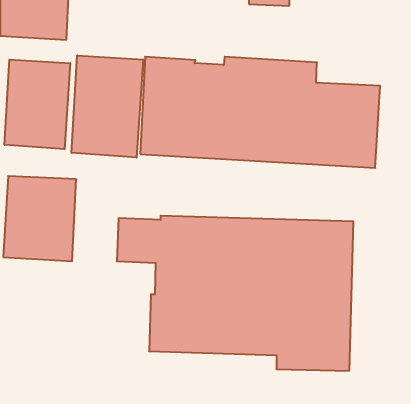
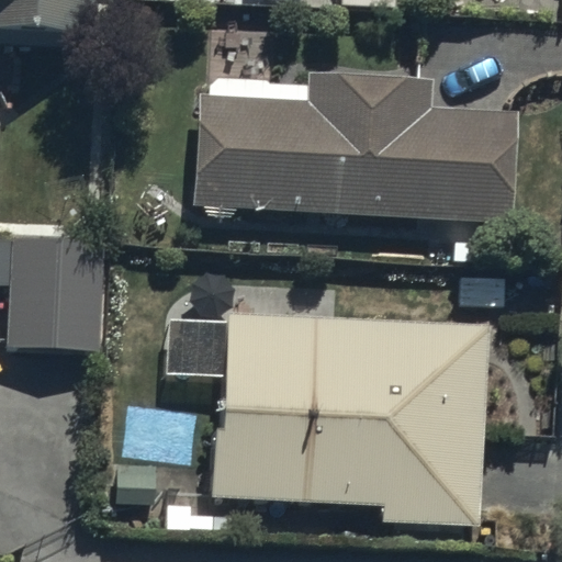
building: [72,55,143,158] -> none
building: [5,60,70,149] -> none

